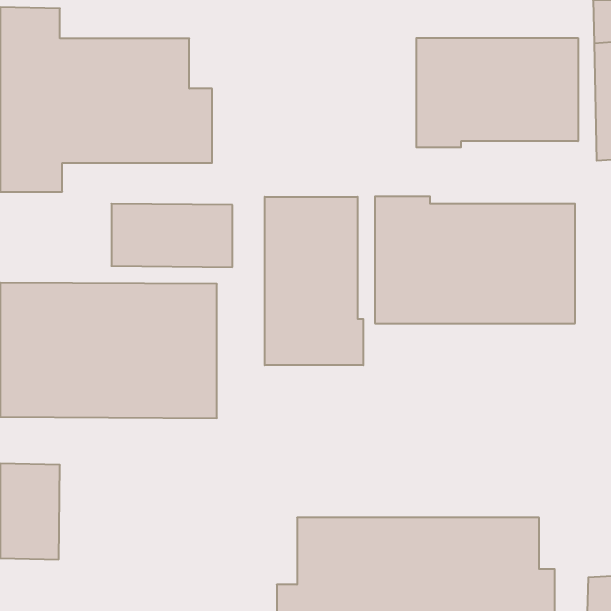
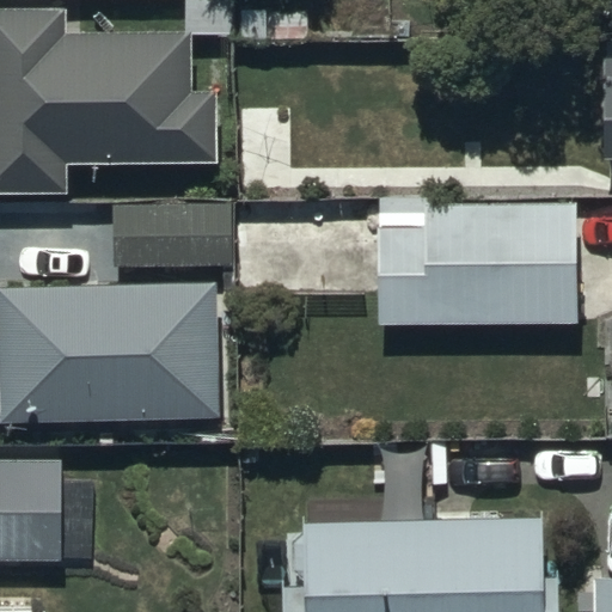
building: [416,38,578,147] -> none
building: [265,197,363,365] -> none

